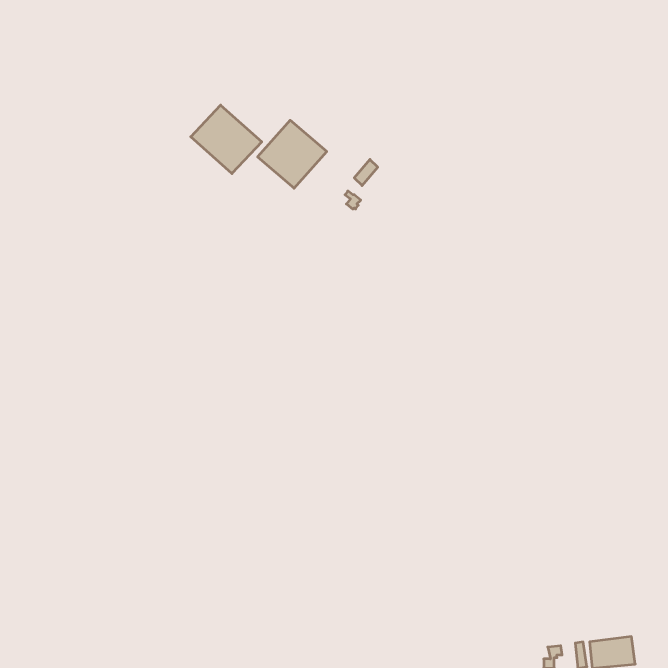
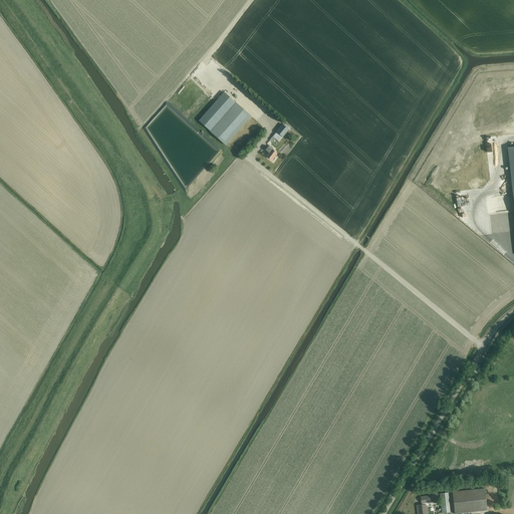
building: [191,105,262,174] -> none

